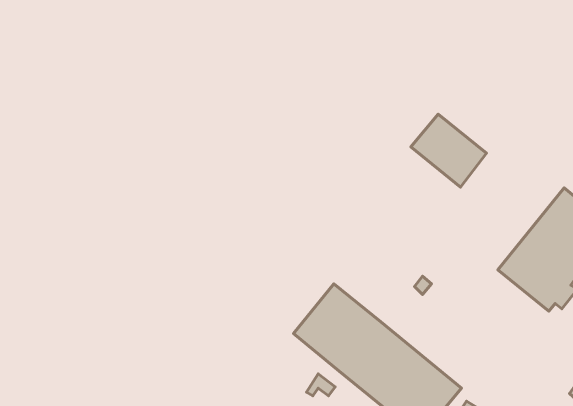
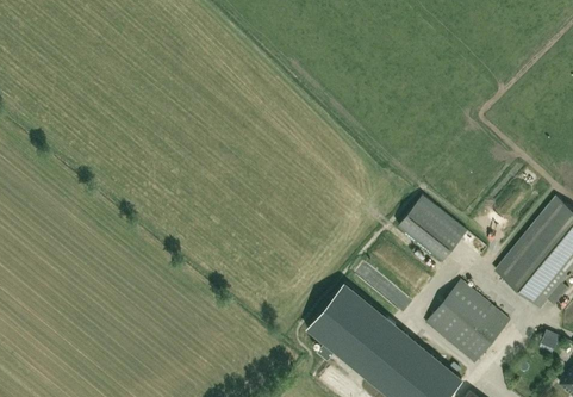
building: [411,114,487,187] -> [398,196,467,262]
building: none -> [425,280,510,364]

